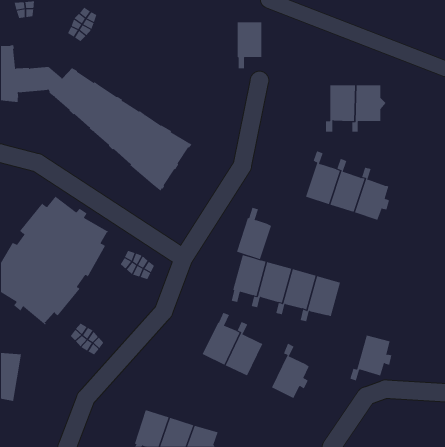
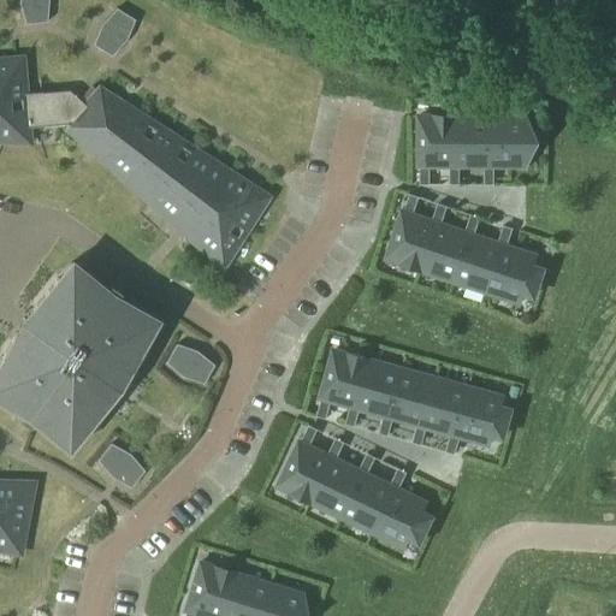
building: [237,22,262,69] -> [421,117,456,182]
building: [236,207,272,260] -> [389,199,438,271]
building: none -> [343,457,397,533]
building: [349,335,392,381] -> [449,389,508,452]

